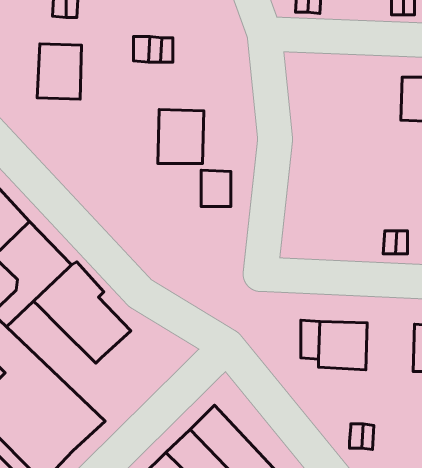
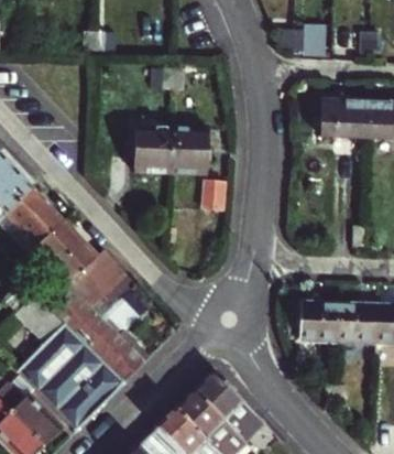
building: [37,44,82,99] -> [134,128,171,173]
building: none -> [319,101,369,138]
building: none -> [46,285,145,383]
building: none -> [339,303,379,343]

